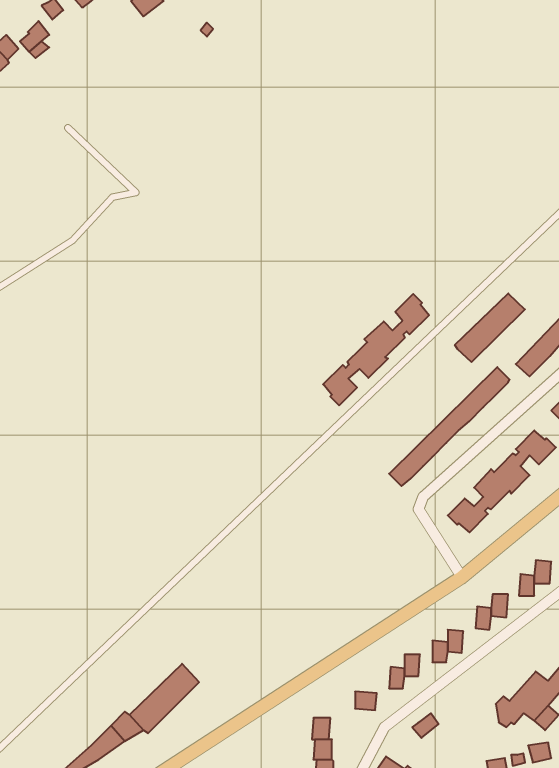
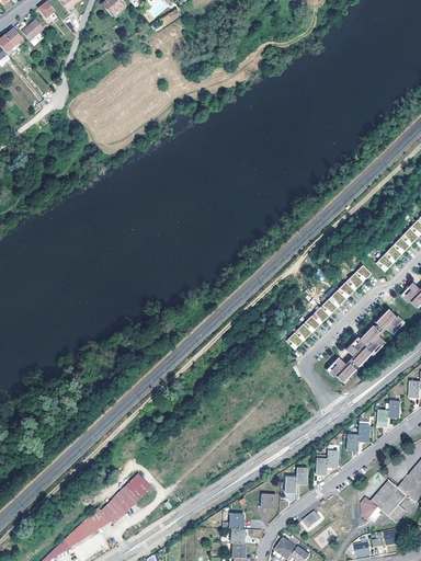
building: [455,293,525,362] -> none
building: [323,294,429,405] -> none

